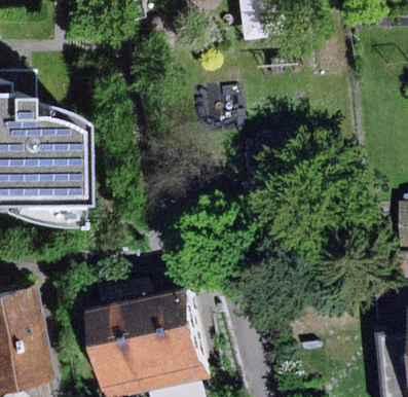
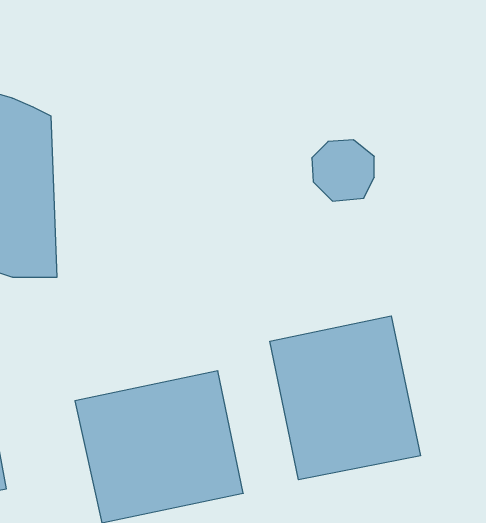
building: none -> [270,316,420,480]

